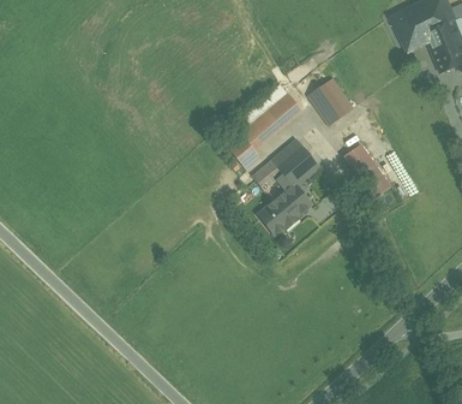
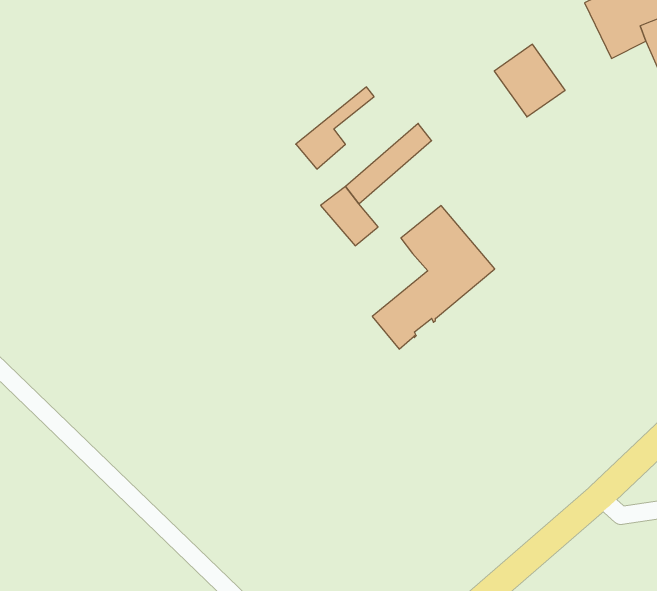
building: [307,78,352,124] -> [494,44,565,117]
building: [251,138,300,190] -> [296,87,374,169]
building: [343,145,388,197] -> none

